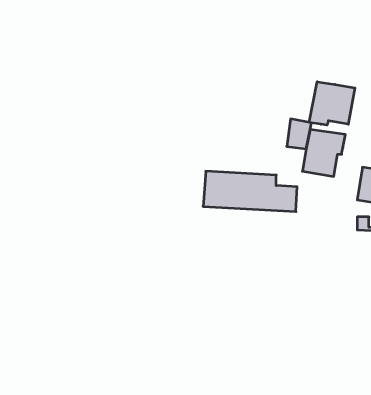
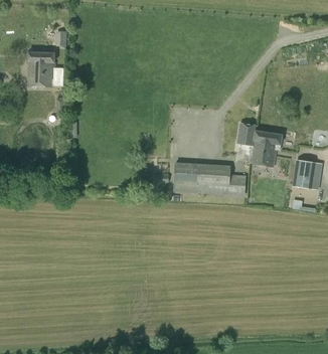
building: none -> [27,50,54,85]
building: [309,82,355,125] -> none

